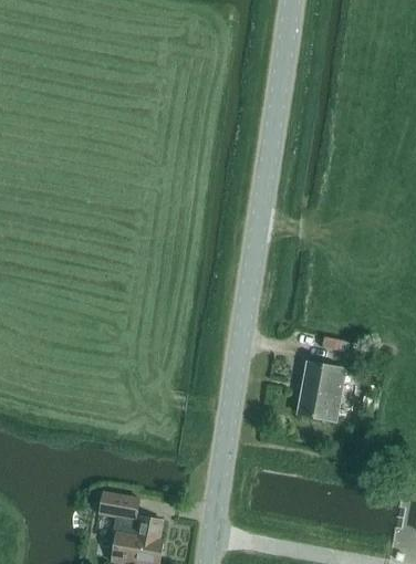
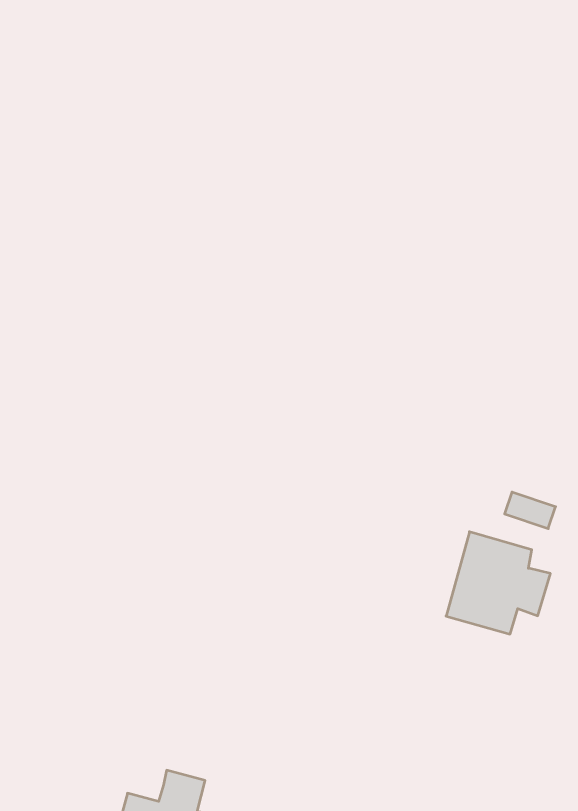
building: [97,491,135,520] -> none

